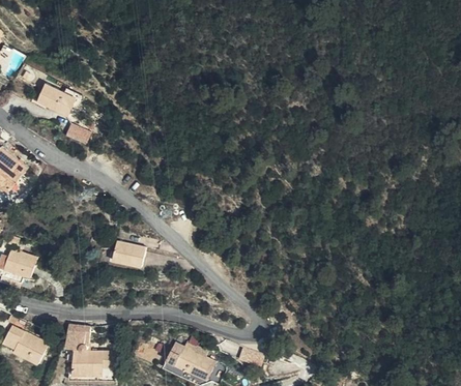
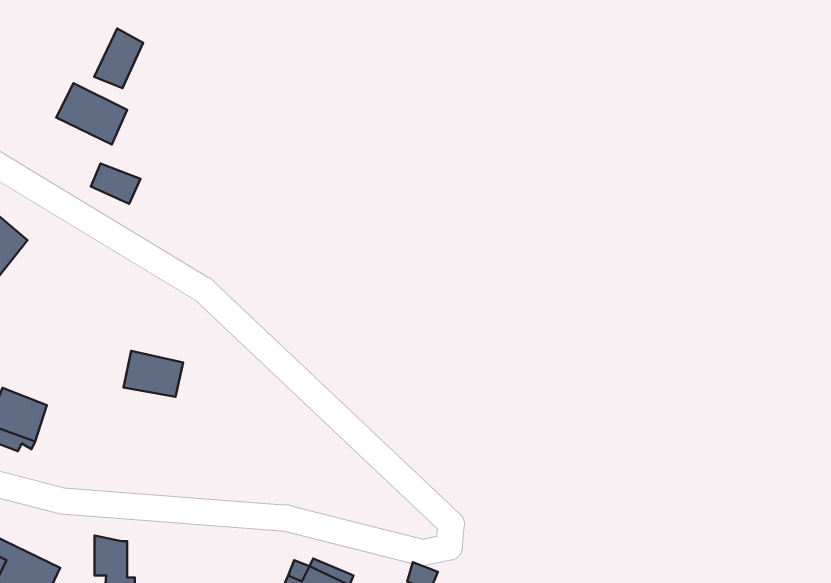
building: none -> [94,29,143,88]
building: [114,241,146,266] -> [124,351,183,397]

